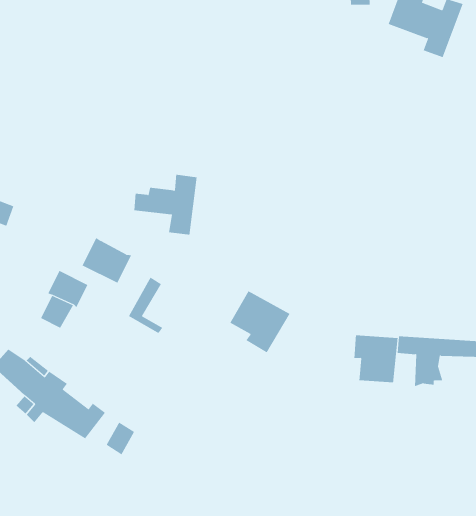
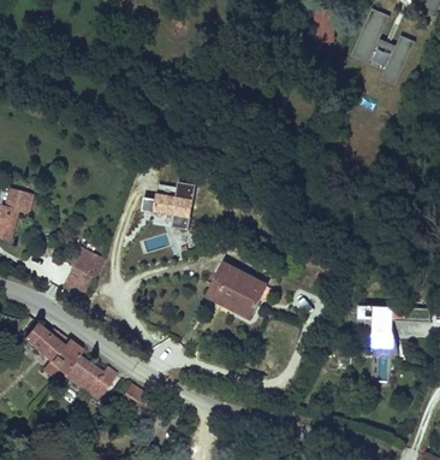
building: [82,237,132,284] -> none
building: [128,277,163,334] -> [206,265,234,312]
building: [354,335,398,383] -> none

